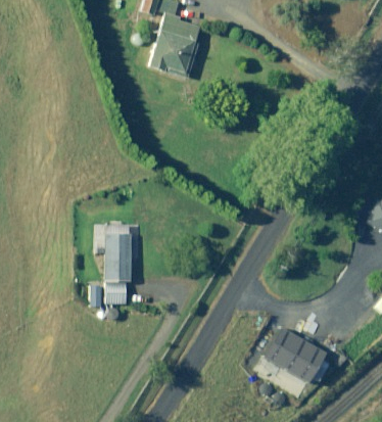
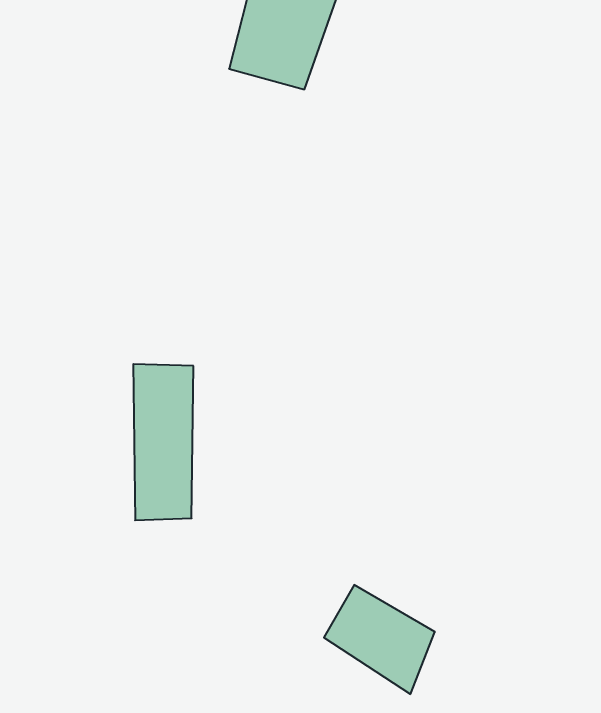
building: [260,327,321,386] -> [324,585,435,694]

